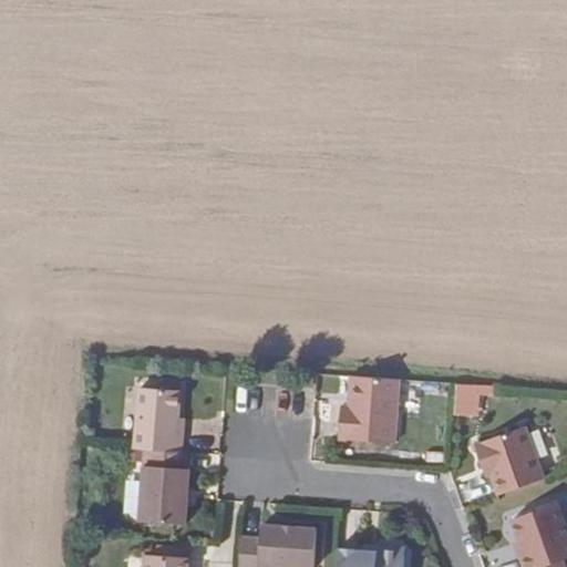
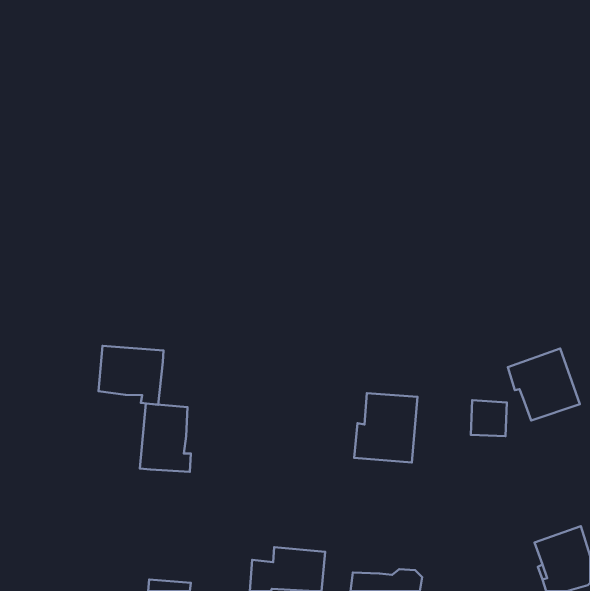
building: none -> [99,346,163,405]
building: [475,426,544,495] -> [508,349,580,420]
building: [141,450,189,523] -> none

